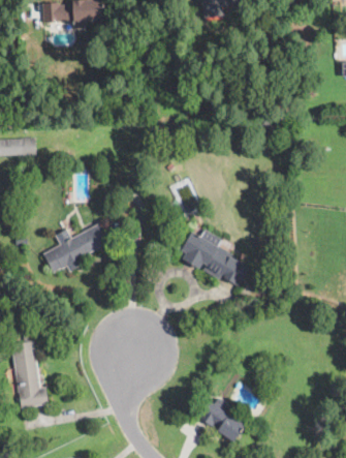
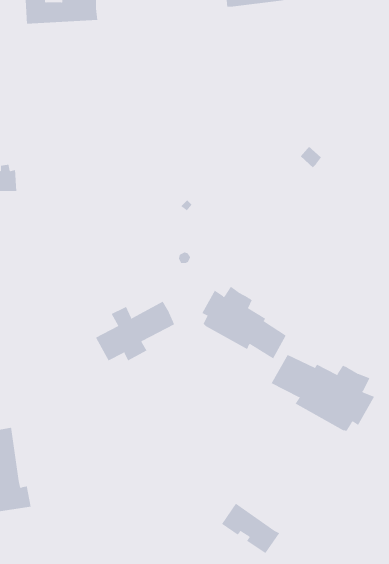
building: [42,224,105,272] -> [95,301,175,361]
building: none -> [271,354,375,432]

